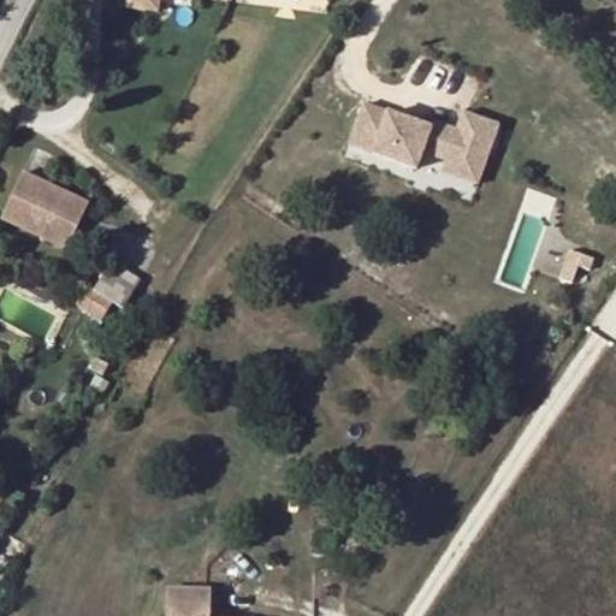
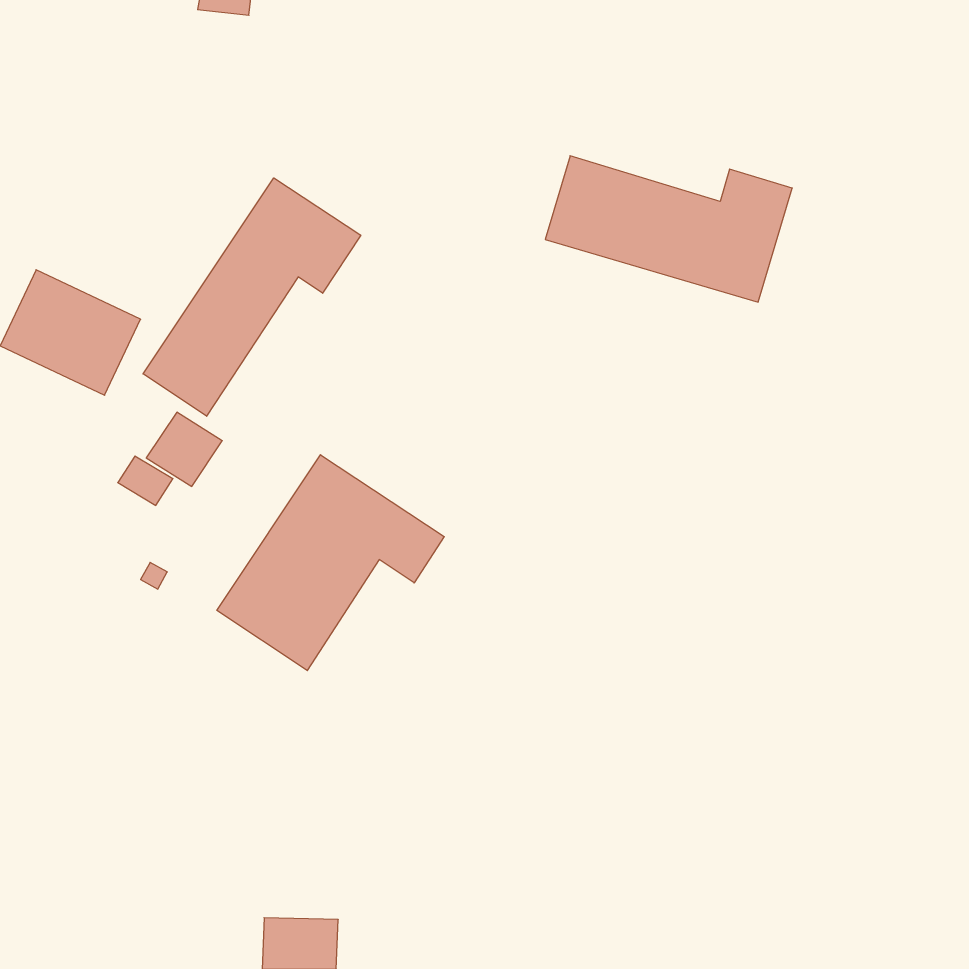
building: none -> [143,178,361,416]
building: none -> [217,455,444,671]

